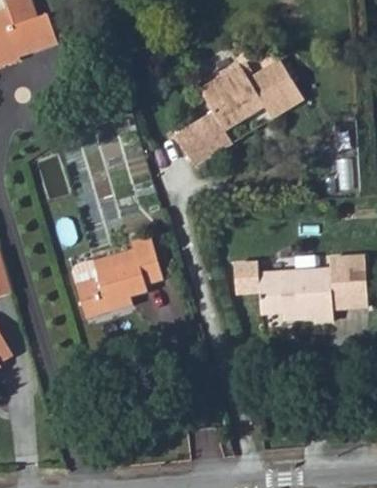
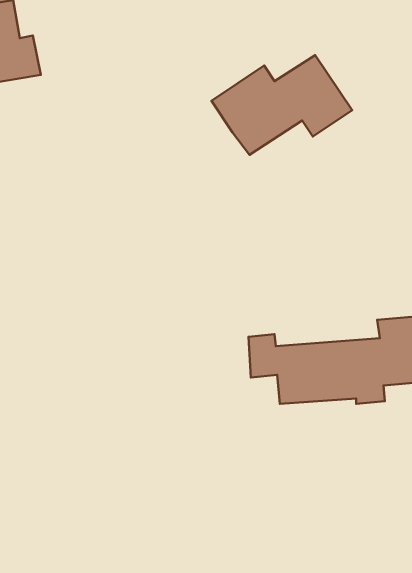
building: [176,110,236,168] -> none
building: [72,239,163,317] -> none

